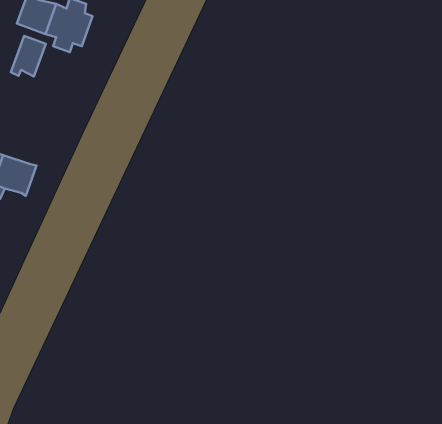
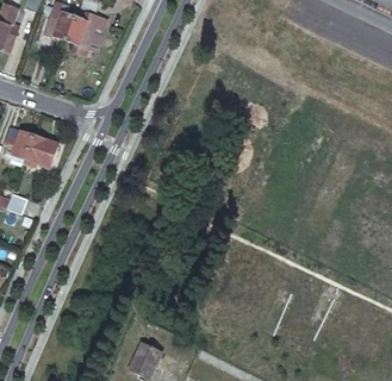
building: [11,36,46,76] -> none

